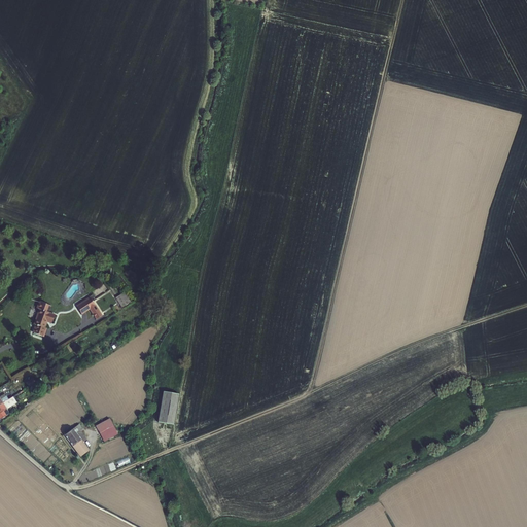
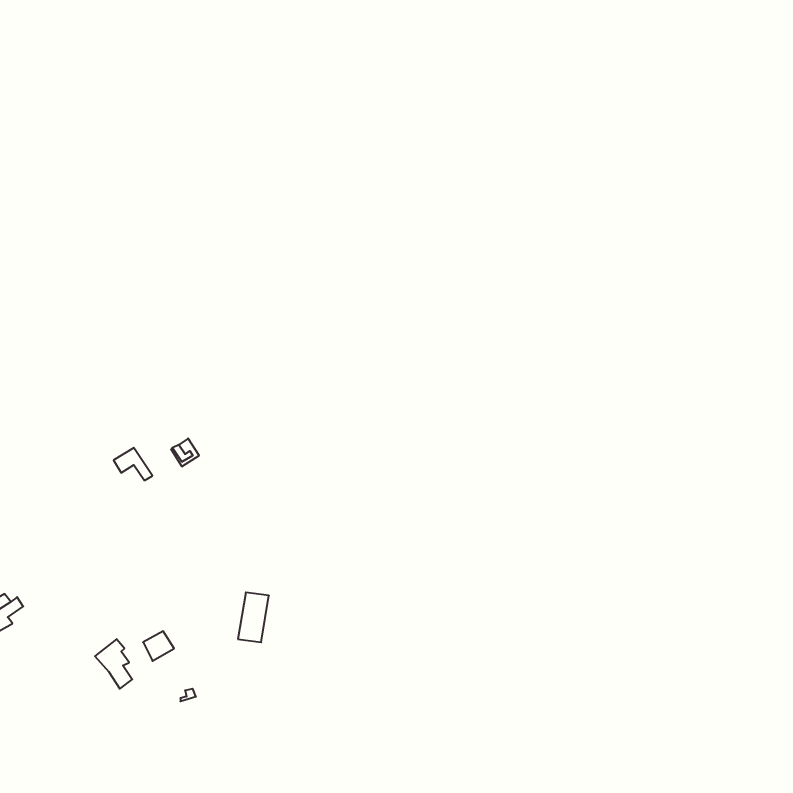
building: [31,301,54,336] -> none

